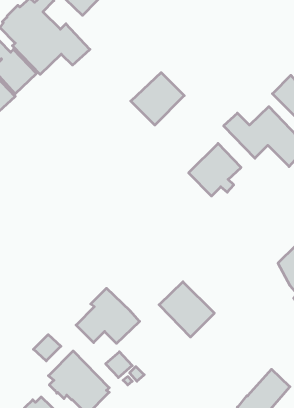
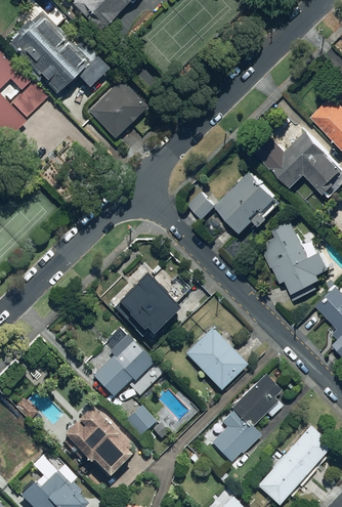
building: [131,73,184,125] -> [88,80,147,138]
building: none -> [188,193,216,220]
building: none -> [261,221,331,301]
building: none -> [110,277,177,337]
building: none -> [208,373,283,461]
building: [33,335,61,361] -> none

